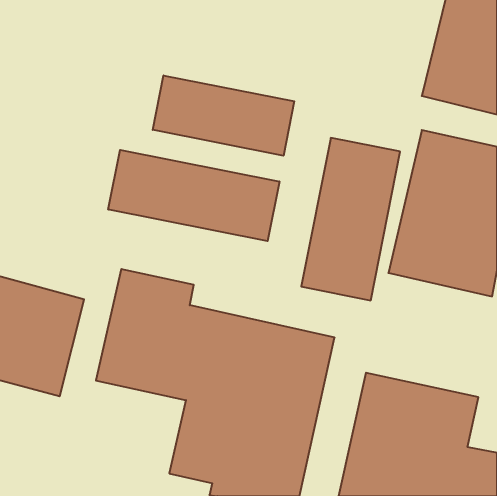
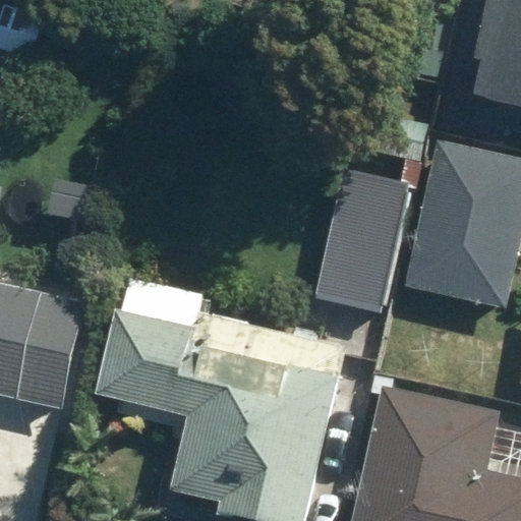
building: [153,75,294,156] -> none
building: [108,150,279,241] -> none

